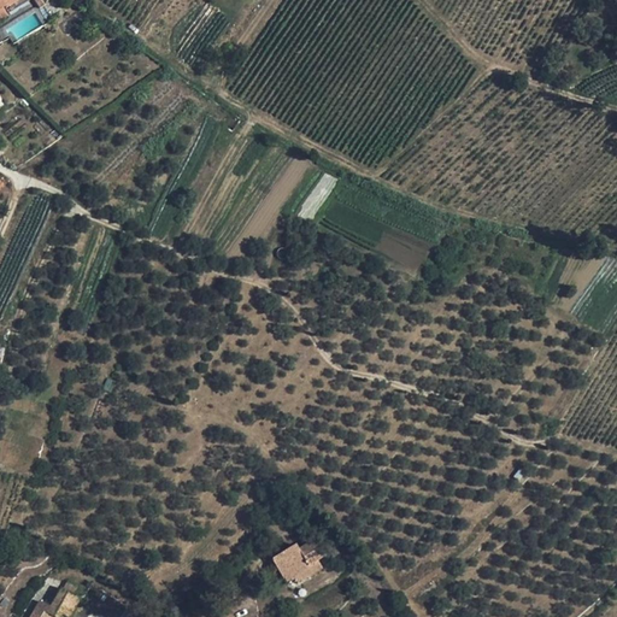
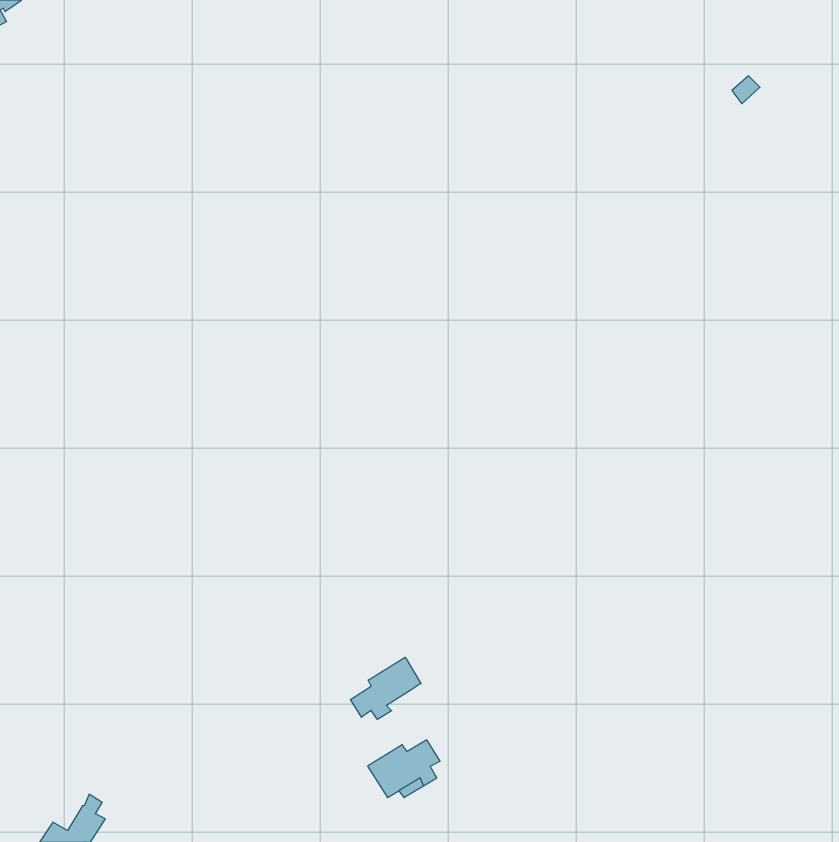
building: none -> [351,657,421,719]

